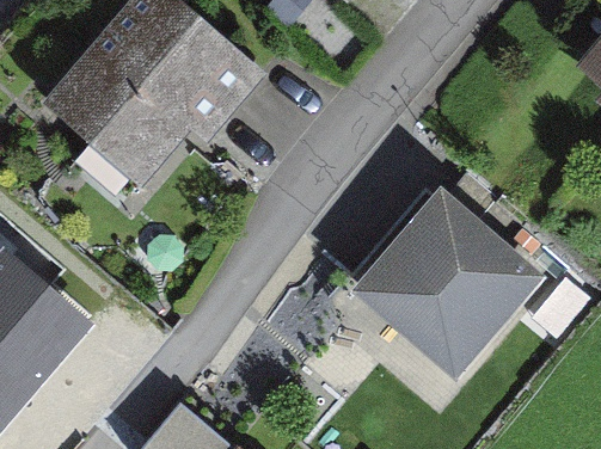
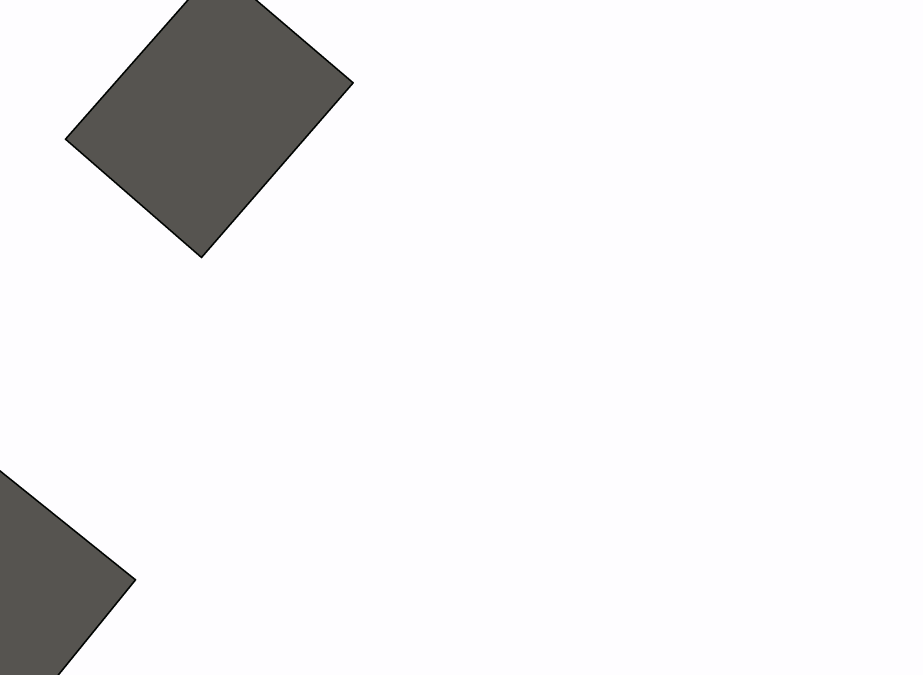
building: [364,197,521,353] -> none

